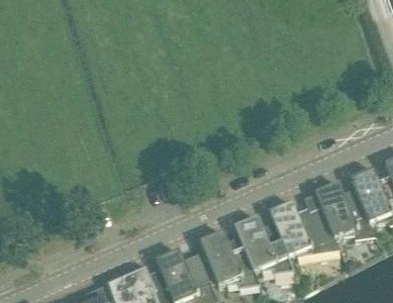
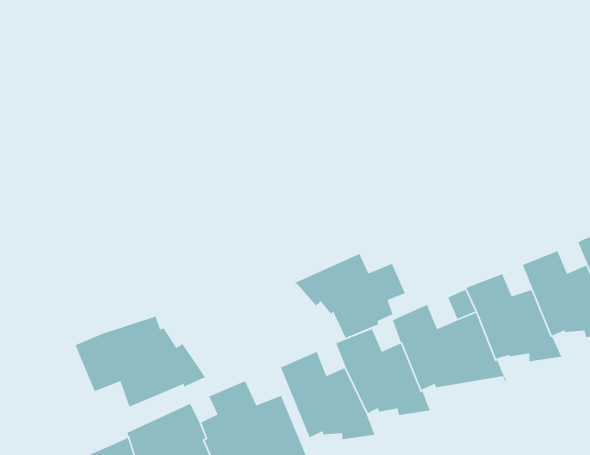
building: none -> [294,253,406,339]
building: none -> [74,315,206,407]

